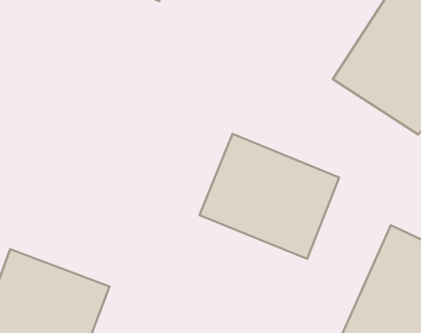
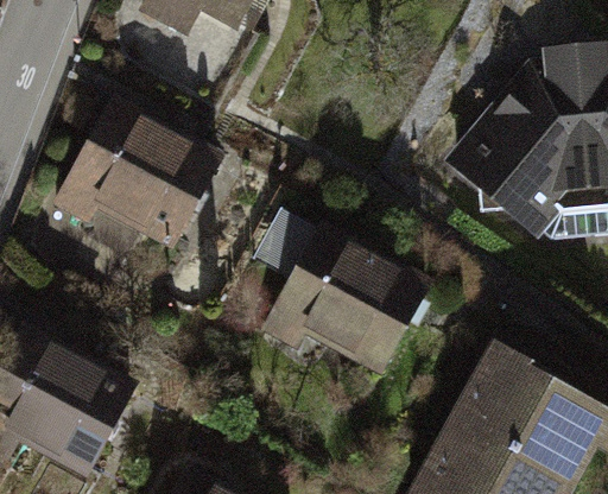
building: none -> [66,95,235,254]

